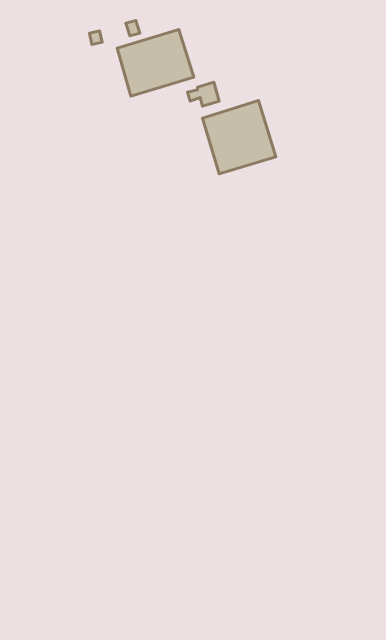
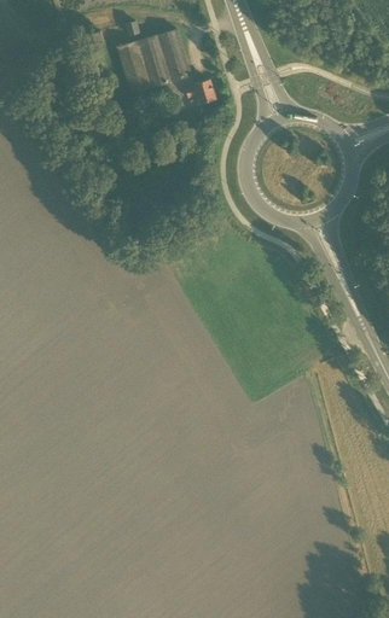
building: [202,100,276,174] -> none

